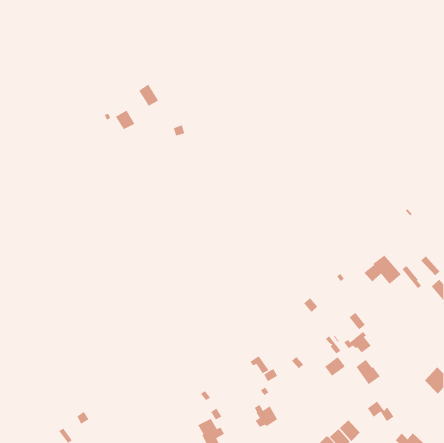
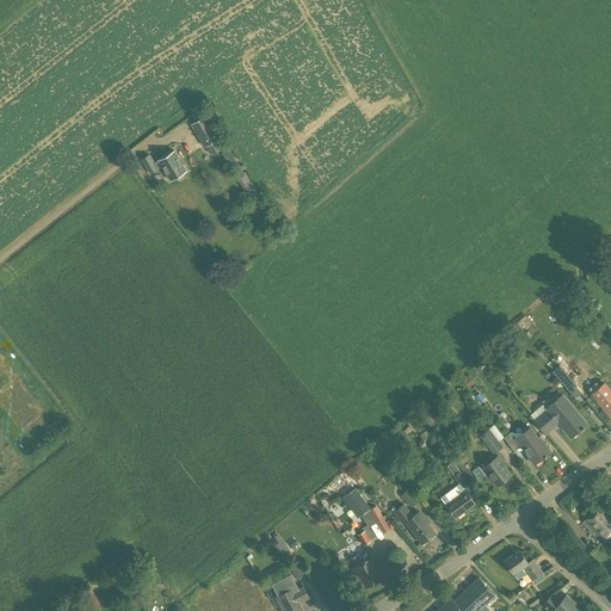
building: [364,254,402,285] -> [533,396,586,438]
building: [356,359,381,385] -> [516,428,550,464]
building: none -> [391,504,434,544]

